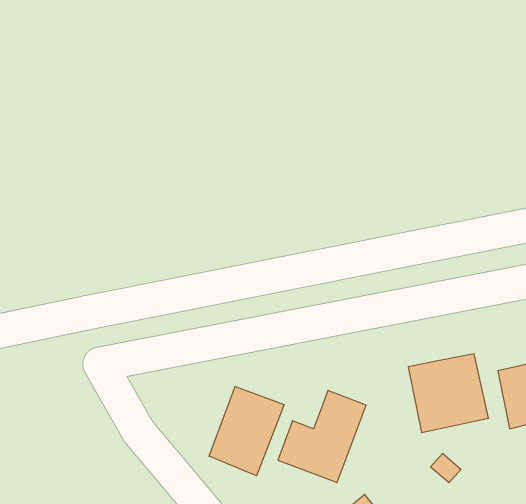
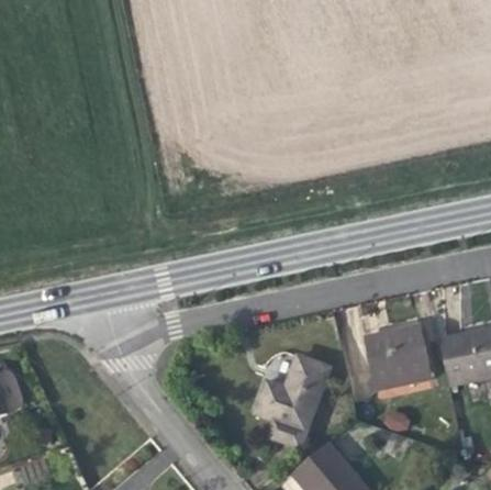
building: [209,386,284,476] -> none

